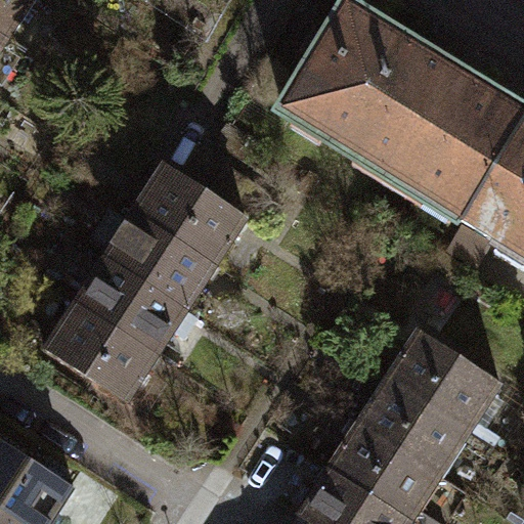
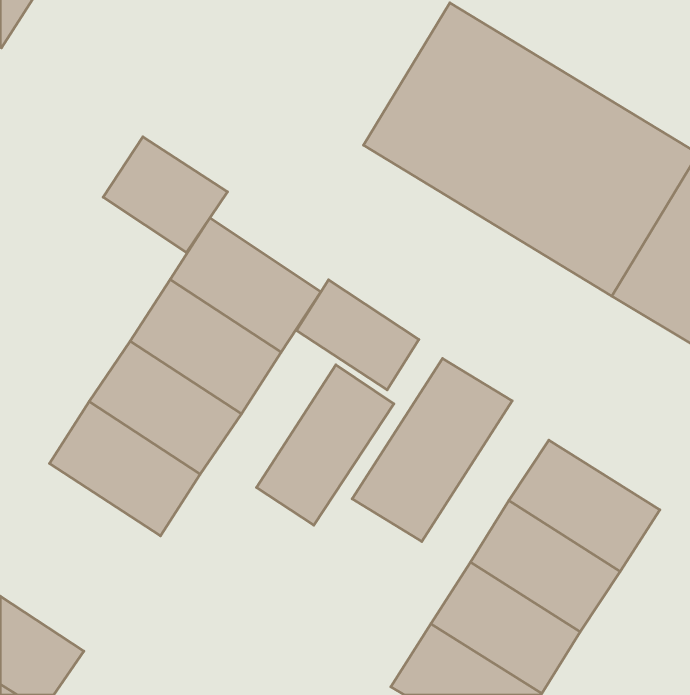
building: none -> [103,137,227,253]
building: none -> [297,280,419,390]
building: none -> [352,358,512,541]
building: none -> [256,365,394,525]

